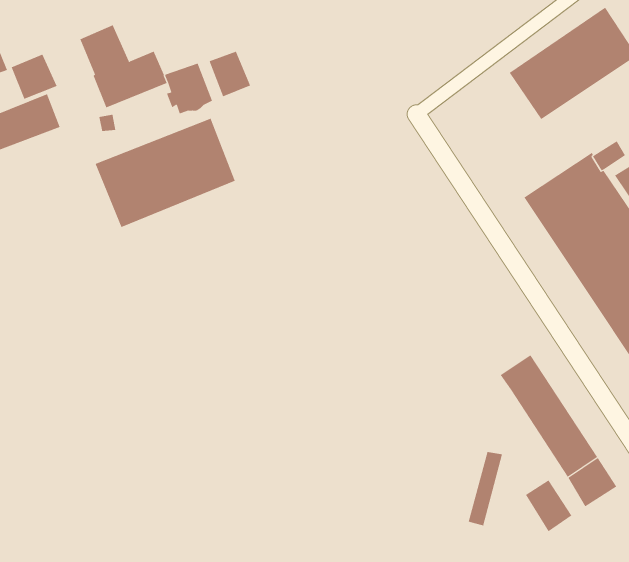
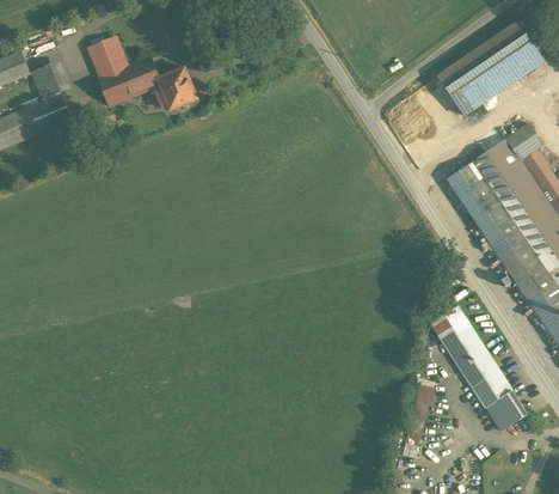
building: [209,51,251,97] -> none
building: [95,118,236,228] -> none
building: [525,479,572,532] -> none

